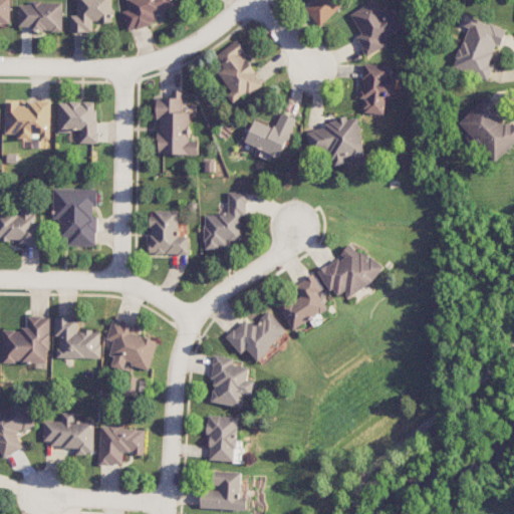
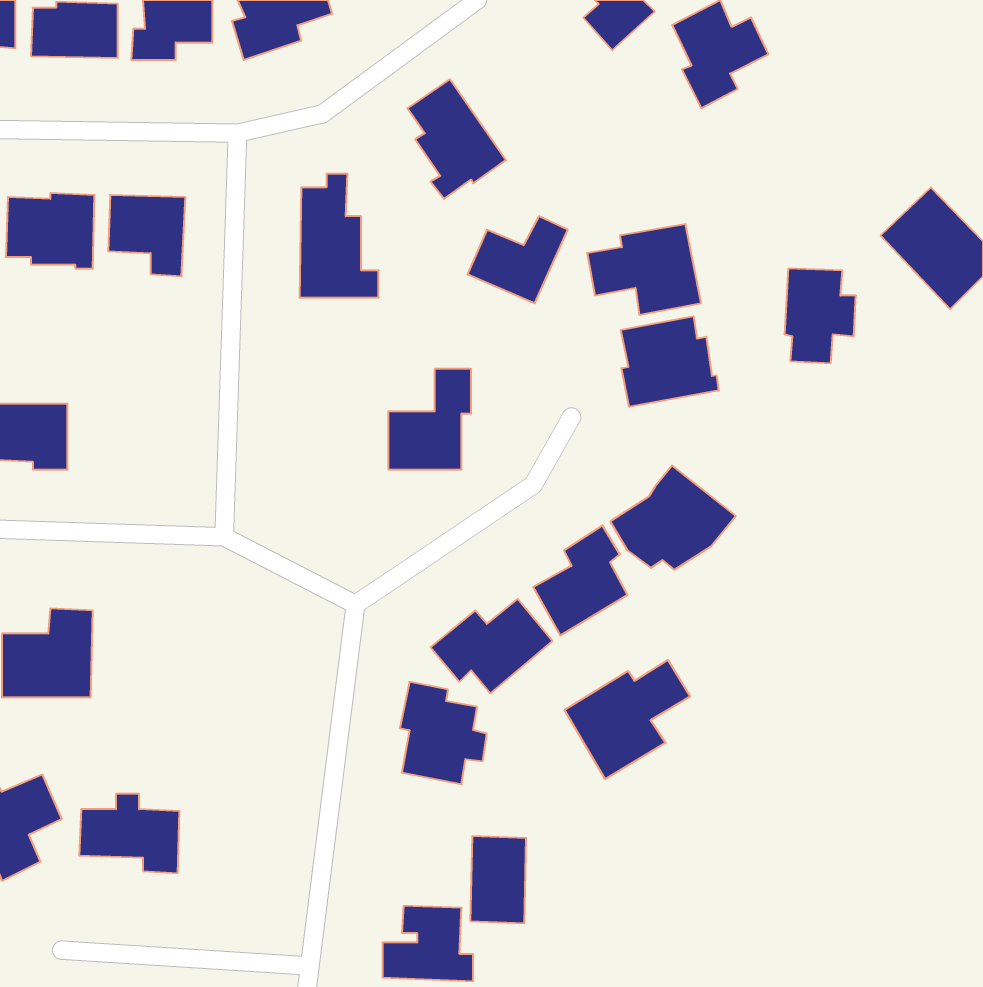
building: [452,14,505,79] -> none
building: [359,64,397,113] -> [784,269,856,363]
building: none -> [621,316,719,407]
building: [51,189,95,246] -> none
building: [149,211,188,254] -> none
building: [53,318,99,358] -> none
building: [104,318,156,369] -> none
building: none -> [565,660,690,779]
building: [206,416,235,461] -> [470,836,526,923]
building: [97,427,143,465] -> none

